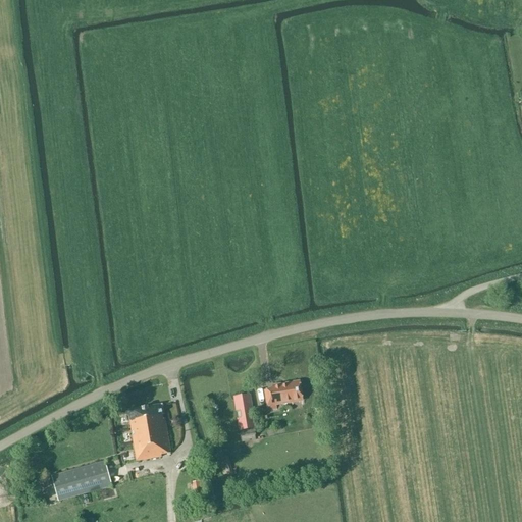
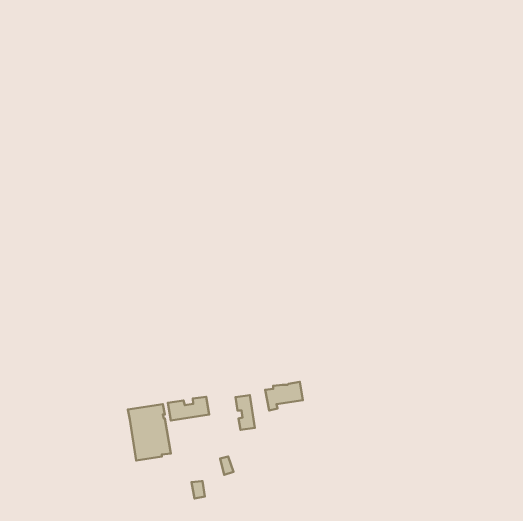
building: none -> [168,397,209,421]
building: [51,460,112,500] -> none

